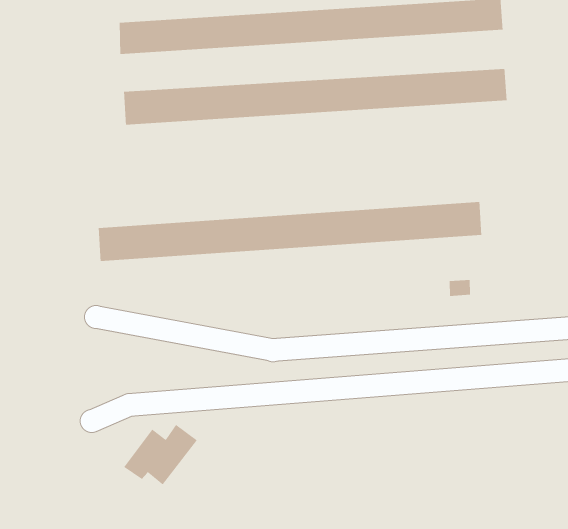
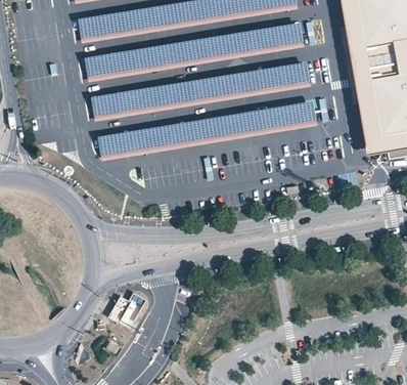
building: [98,201,482,262] -> [98,102,317,158]

